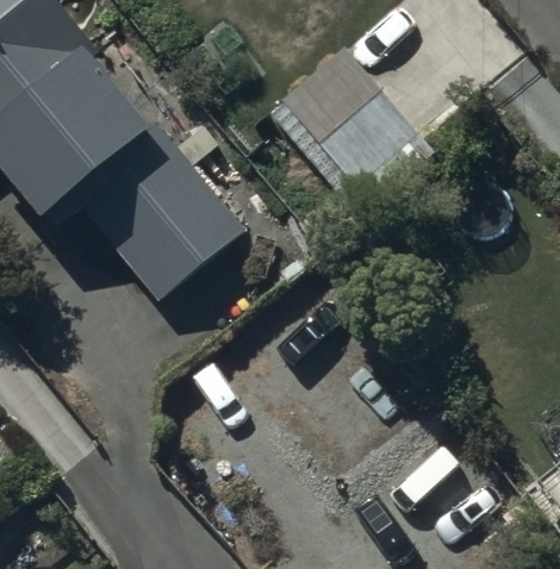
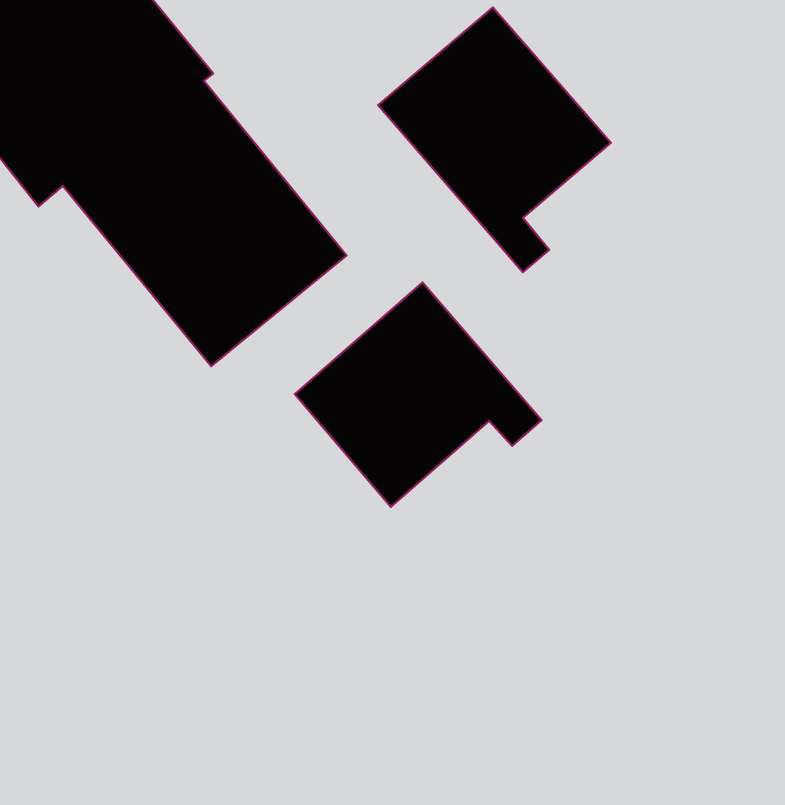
building: none -> [295,282,542,507]

